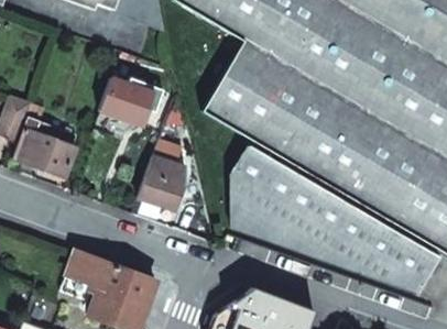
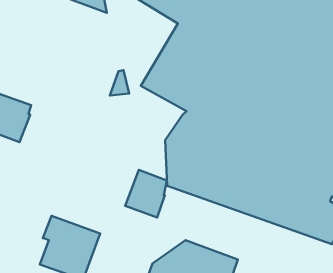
building: [101,68,164,128] -> none
building: [139,157,186,211] -> [125,170,167,217]
building: [61,252,100,300] -> none

